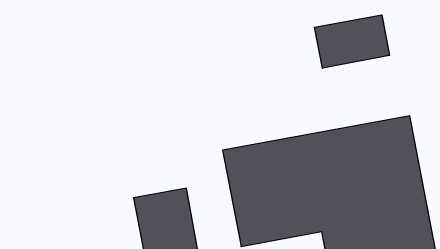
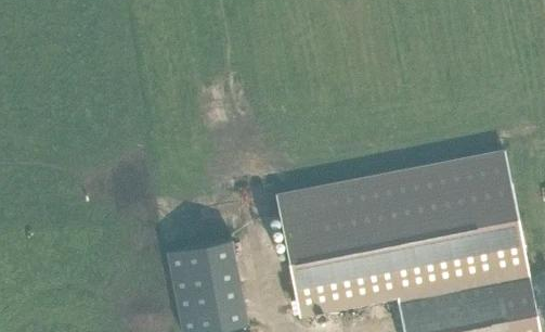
building: [315,15,389,68] -> none

